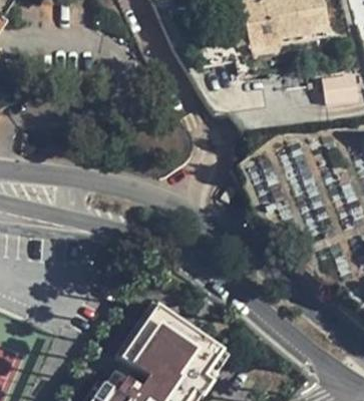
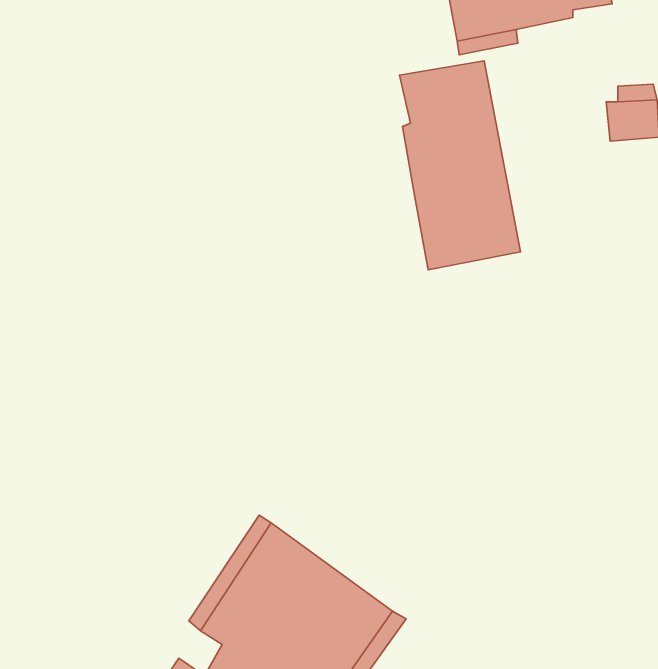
building: none -> [400,61,520,270]

